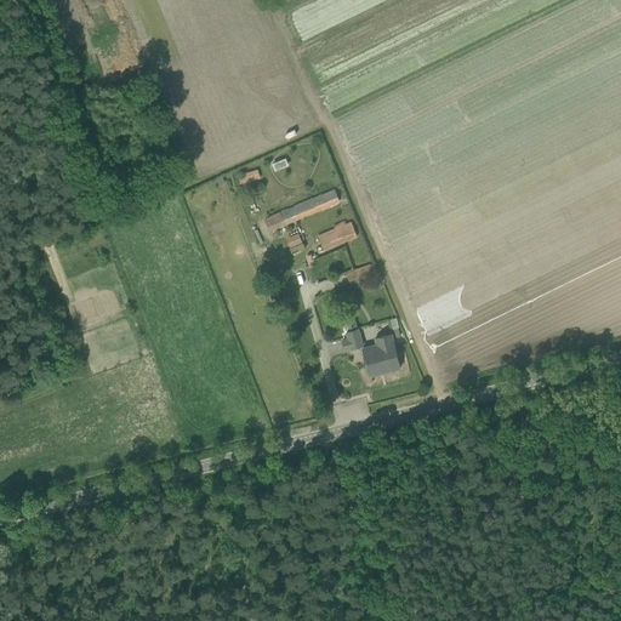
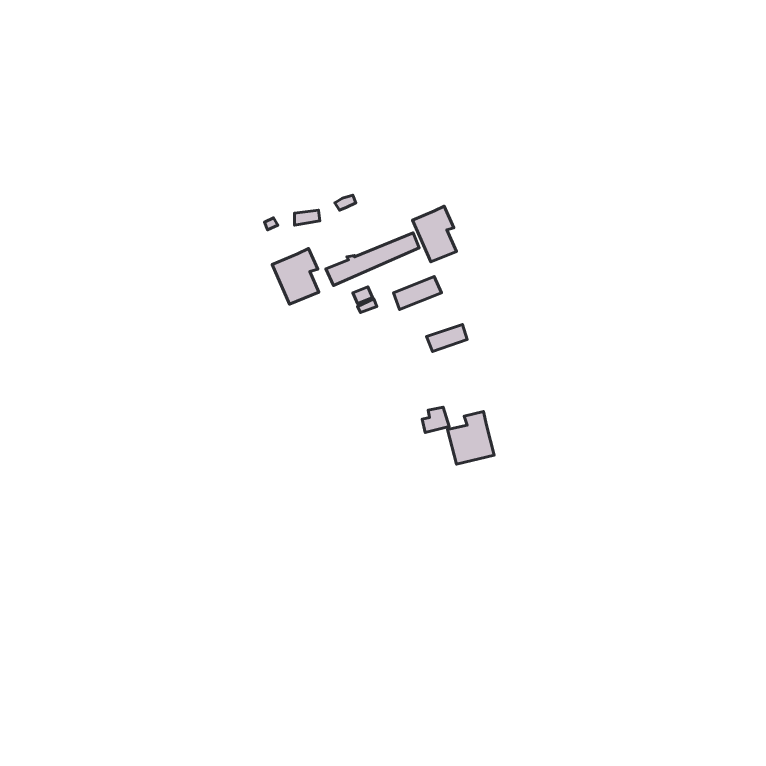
building: none -> [413,206,456,262]
building: none -> [272,249,319,304]

